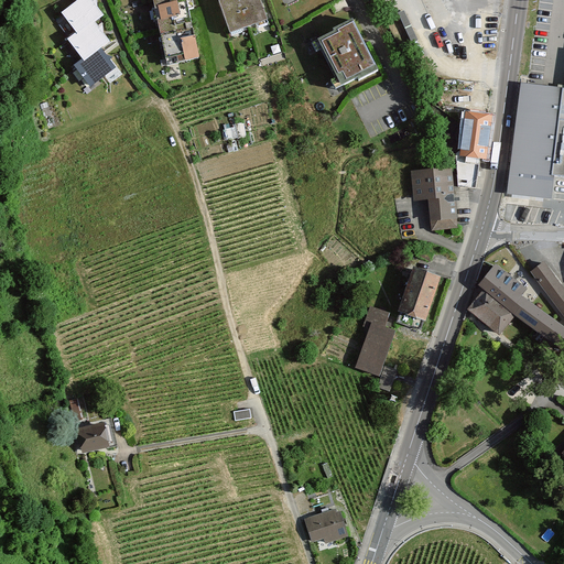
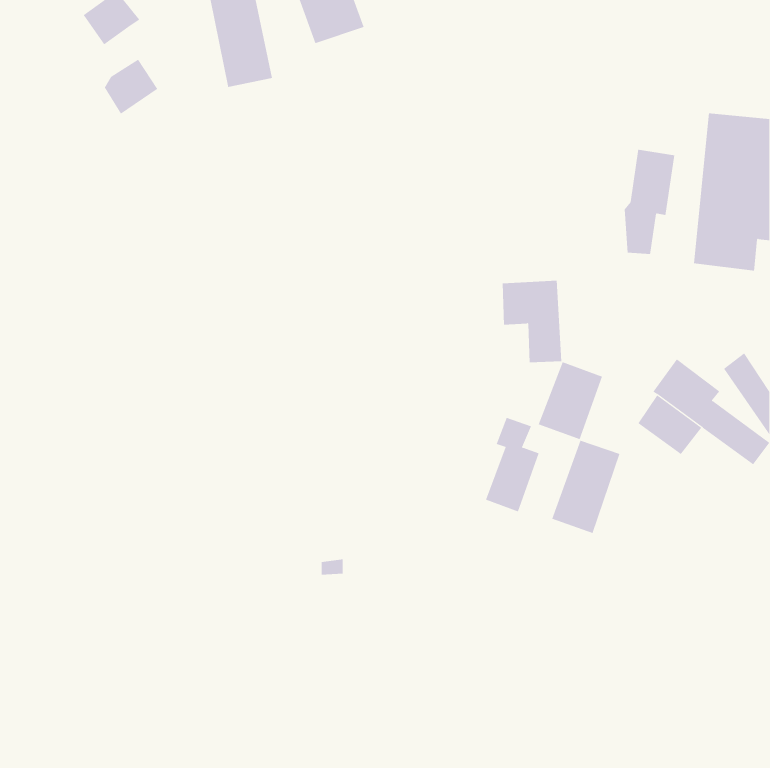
building: [68,19,109,56] -> none
building: [312,21,378,89] -> none
building: [412,166,456,227] -> [502,280,562,363]
building: none -> [552,440,620,534]
building: [76,419,106,451] -> none
building: [305,506,345,552] -> none

